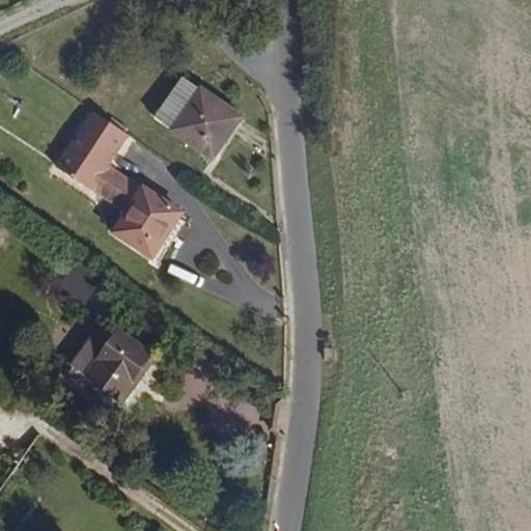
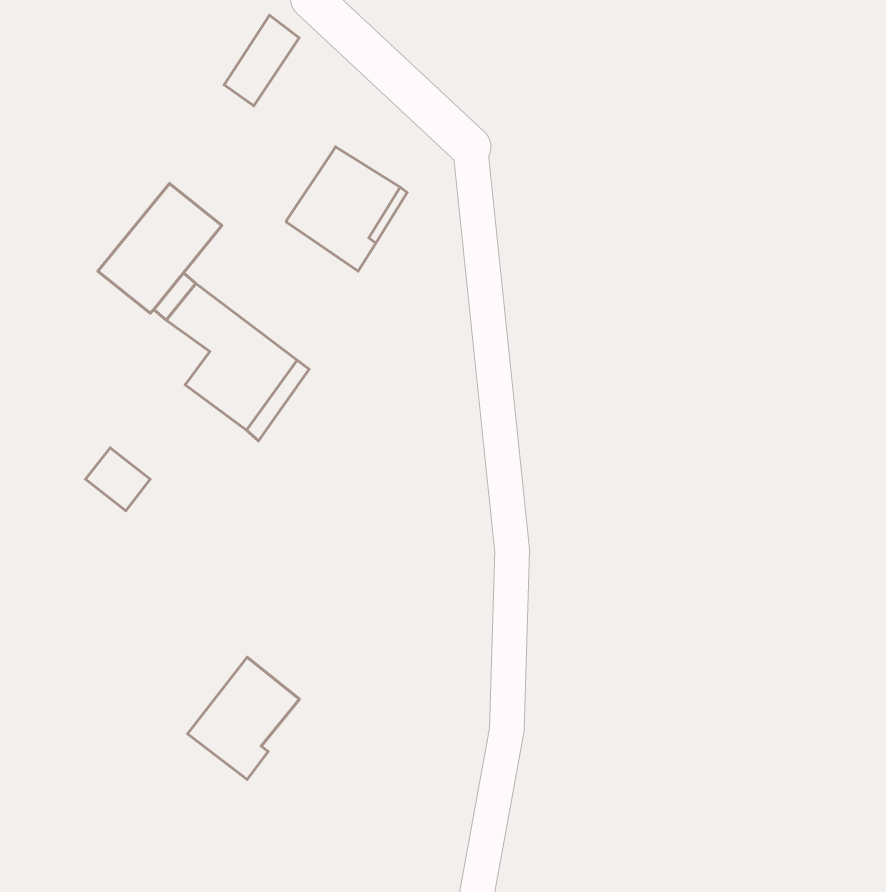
building: [152,77,197,131] -> [224,15,299,106]
building: [73,332,139,404] -> [188,657,299,779]

